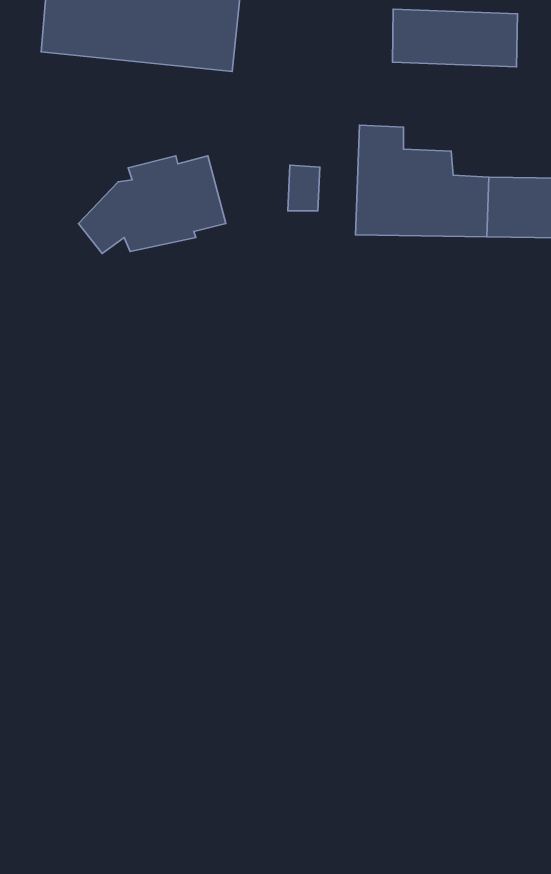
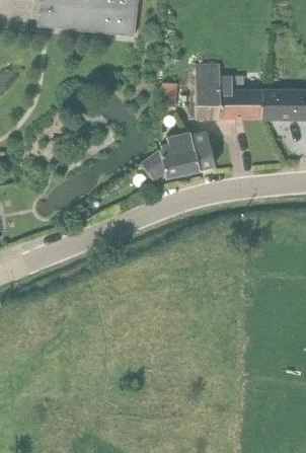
building: [392,9,517,67] -> none
building: [78,156,226,253] -> [145,139,220,188]

